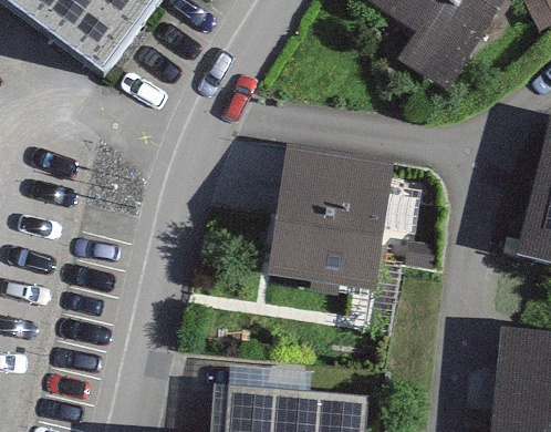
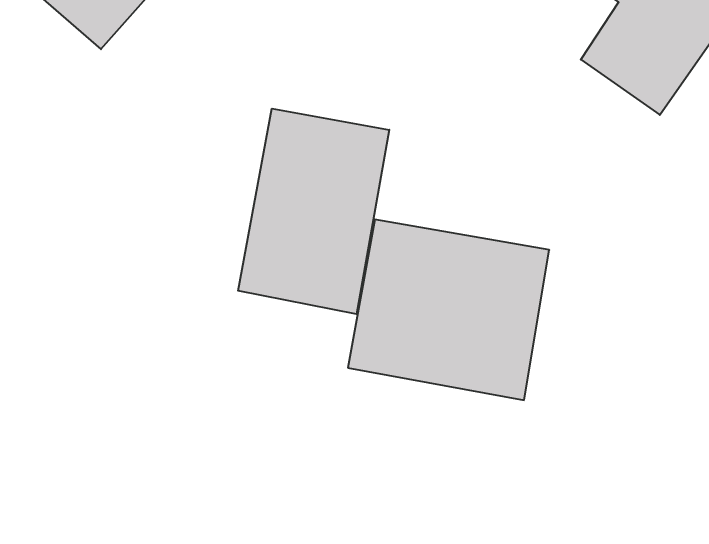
building: none -> [238,109,389,314]

